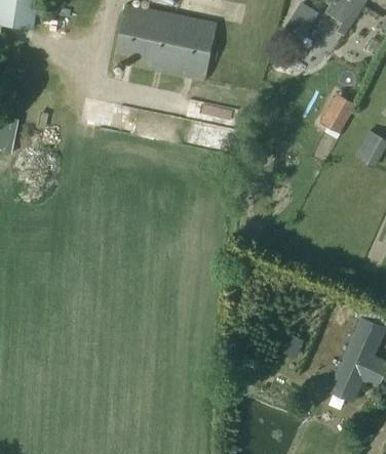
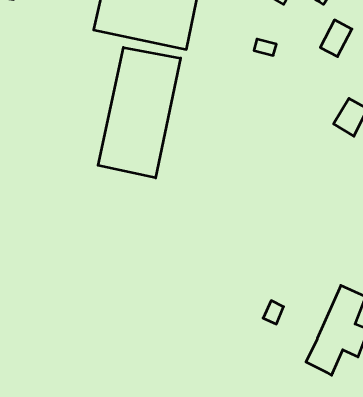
building: none -> [98,47,181,178]
building: [322,94,354,131] -> [320,20,352,57]

